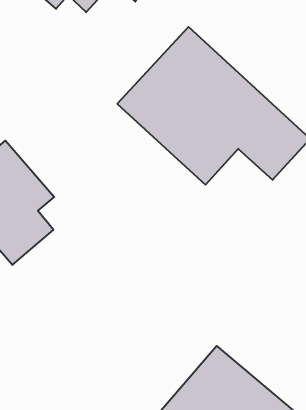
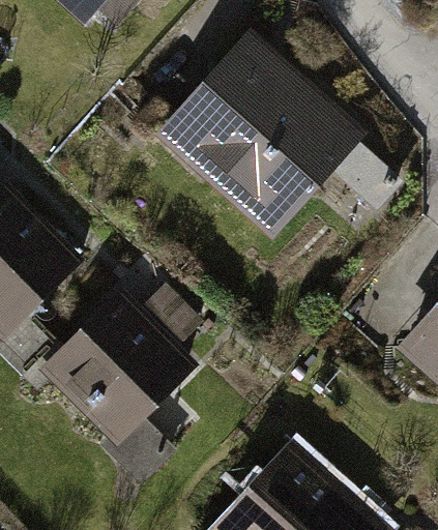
building: none -> [39,291,197,481]

